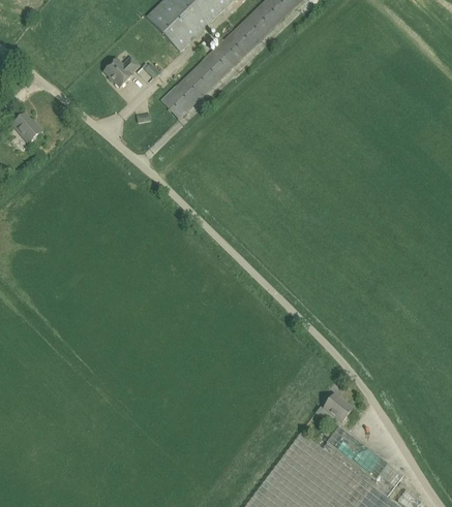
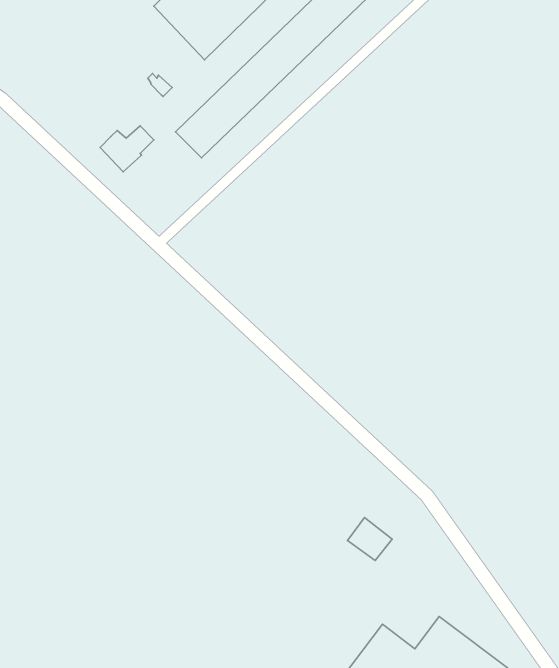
building: [102,57,139,88] -> [100,126,154,172]
building: [322,393,352,422] -> [348,518,392,561]

